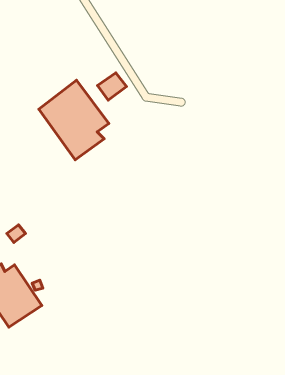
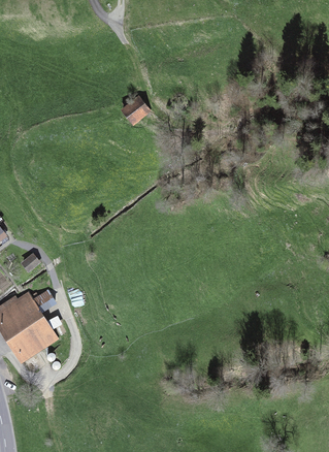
building: [39,80,109,160] -> none

